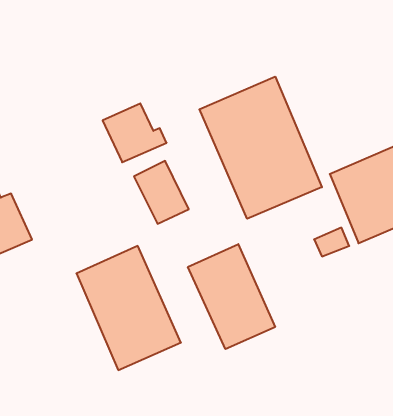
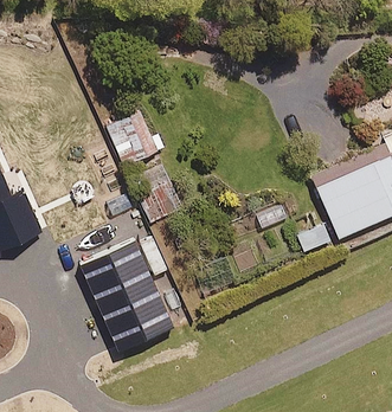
building: [199,77,322,219] -> none
building: [188,244,275,349] -> none

